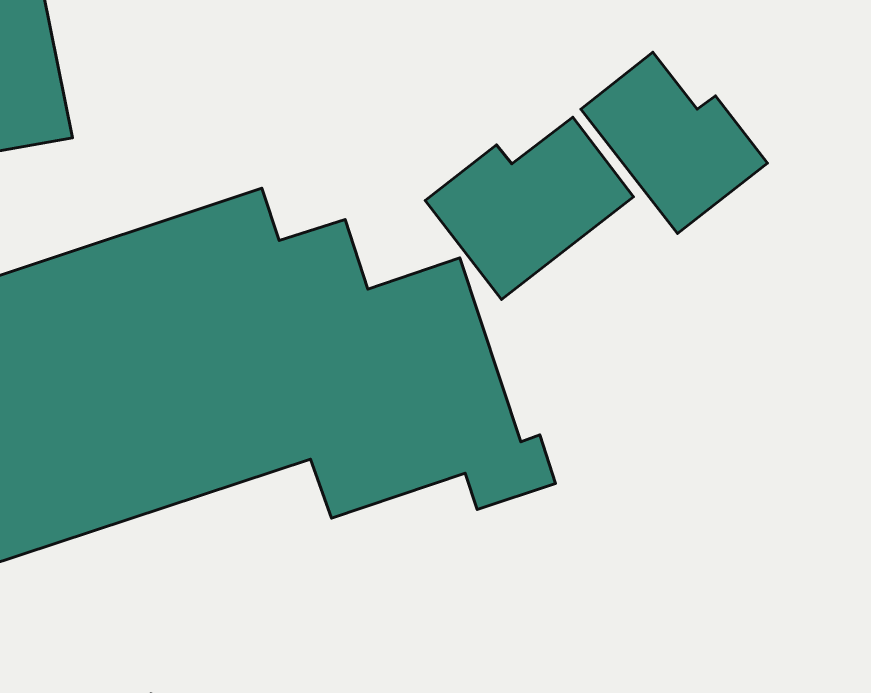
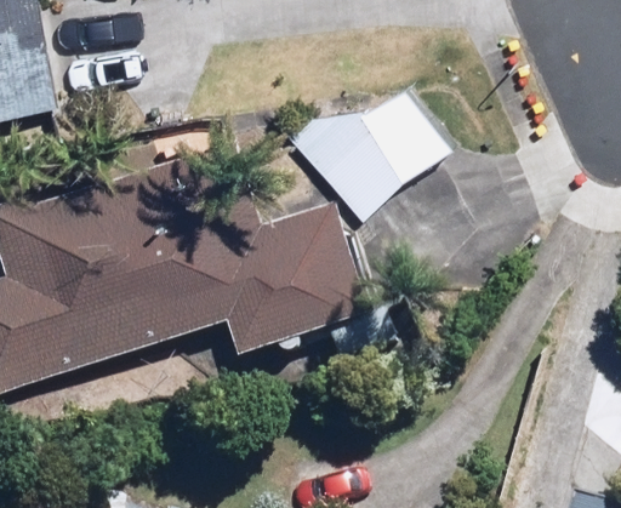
building: [581,52,767,233] -> none

